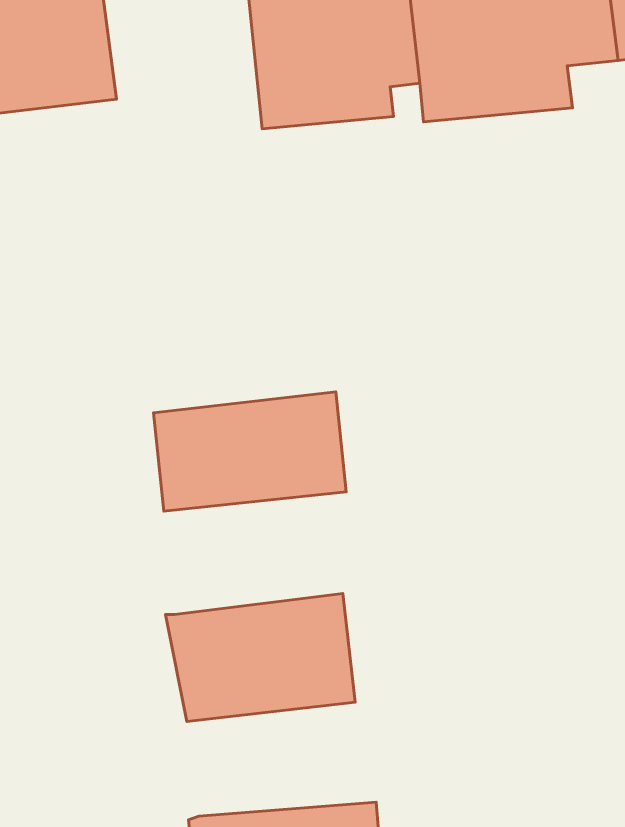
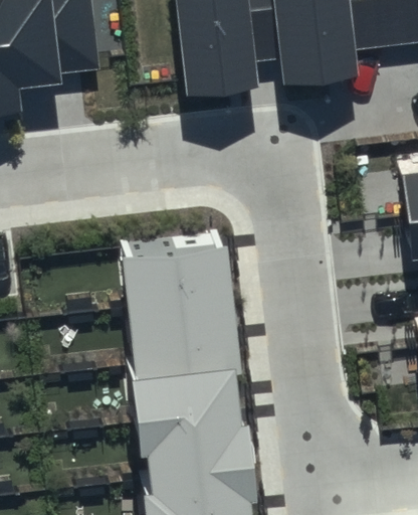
building: none -> [128,289,238,359]
building: none -> [141,408,249,475]

